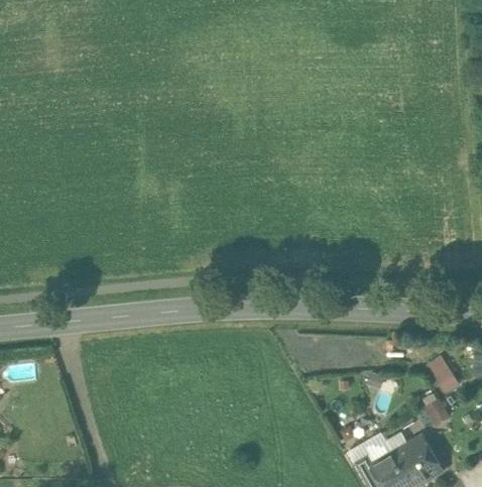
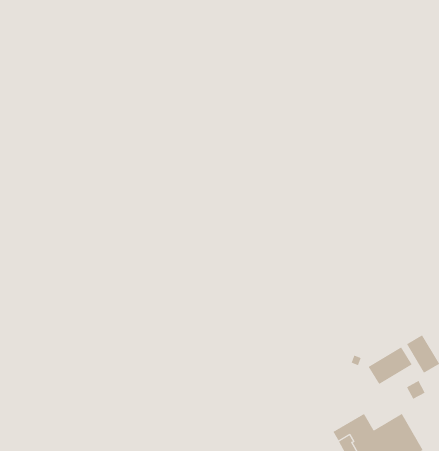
building: none -> [368,346,413,385]

